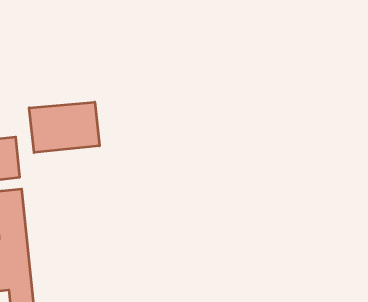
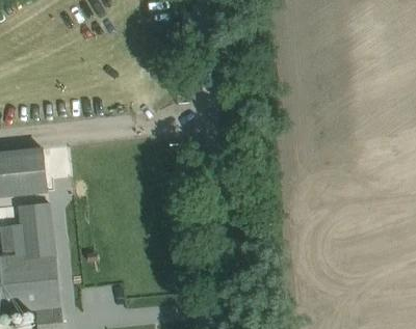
building: [29,102,99,153] -> none

